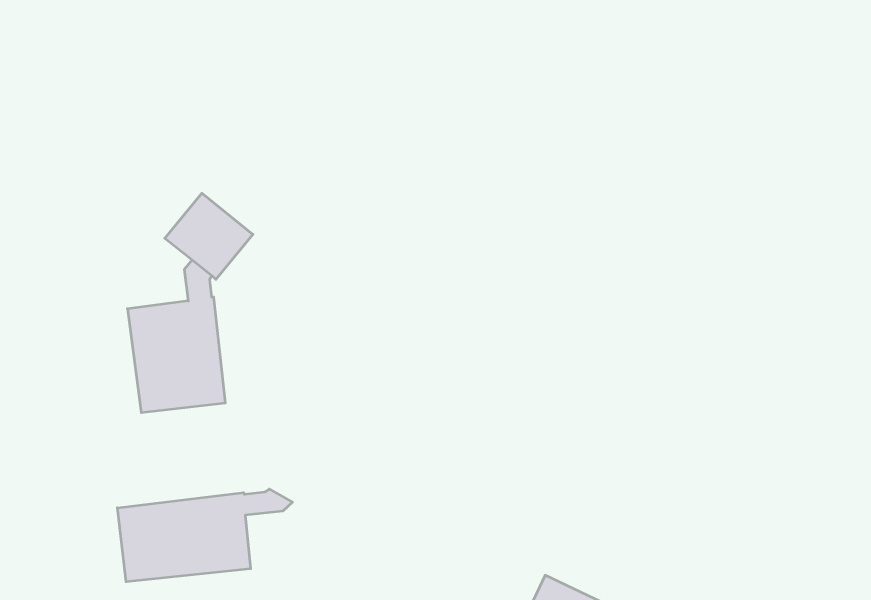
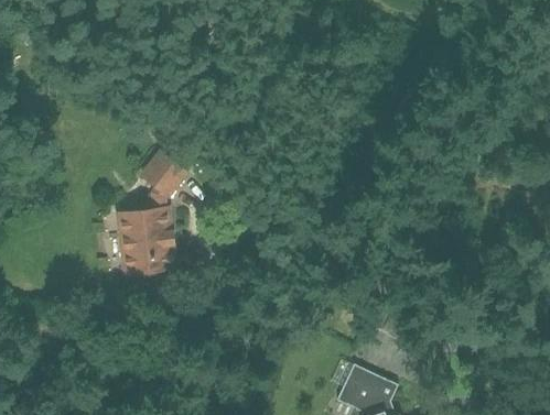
building: [117,489,292,582] -> none

